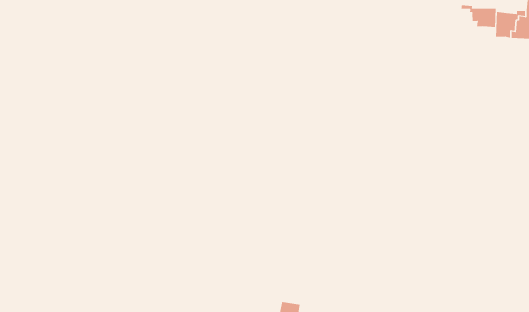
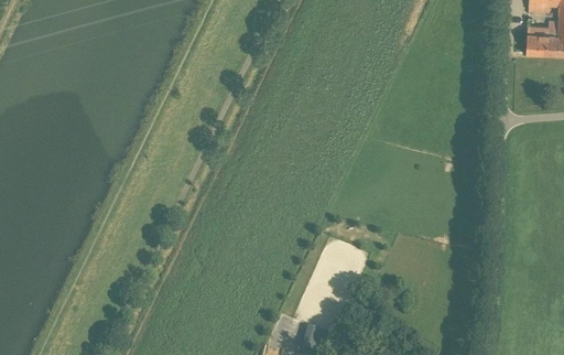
building: [461,5,496,28] -> none

